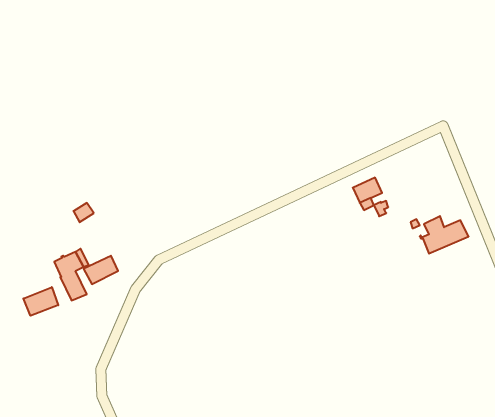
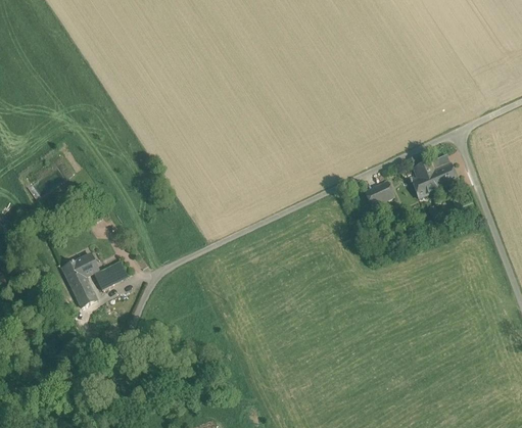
building: [420,216,469,254] -> [409,159,458,197]
building: [23,287,58,316] -> none

